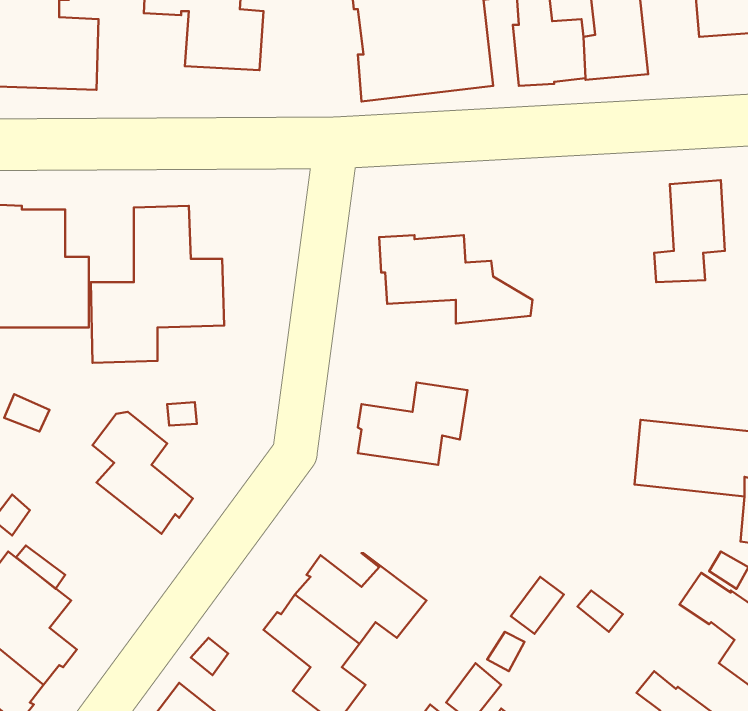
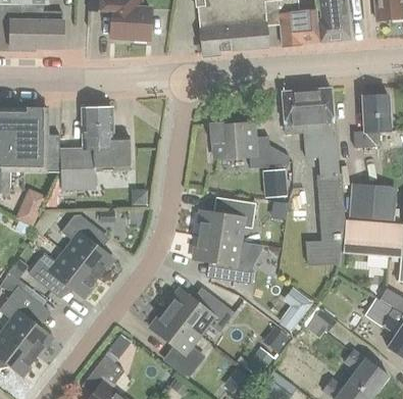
building: none -> [282,89,344,266]
building: none -> [262,168,288,197]
building: none -> [352,184,396,220]
building: none -> [193,237,260,284]
building: none -> [29,252,97,299]

